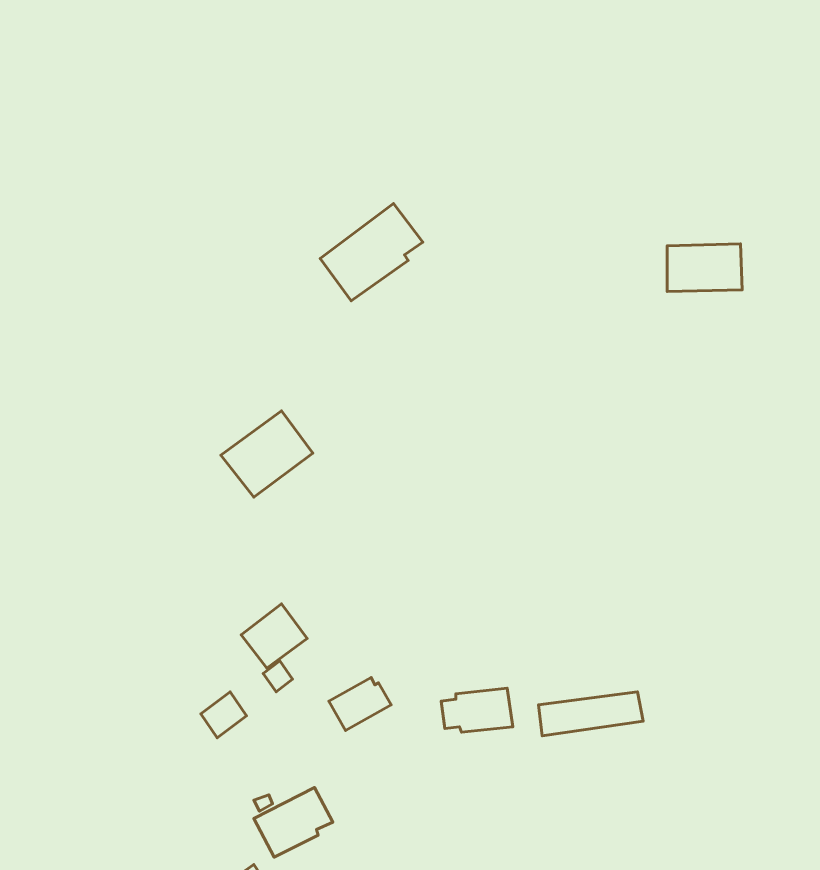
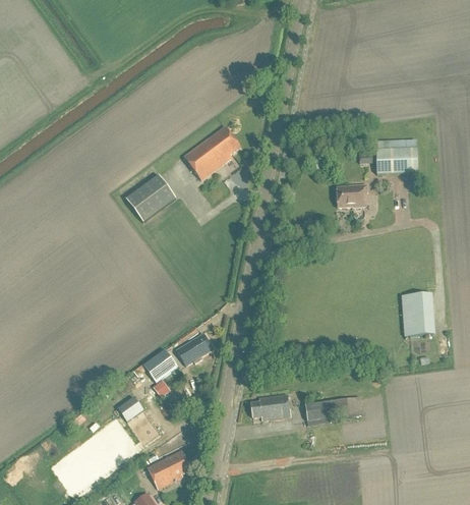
building: none -> [335,184,368,208]
building: [221,411,313,497] -> [123,175,174,223]
building: none -> [404,291,438,335]
building: [329,677,391,731] -> [177,334,212,363]

